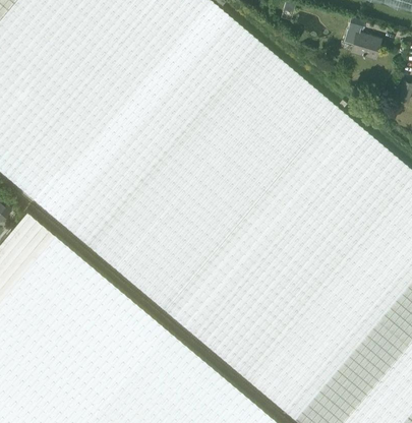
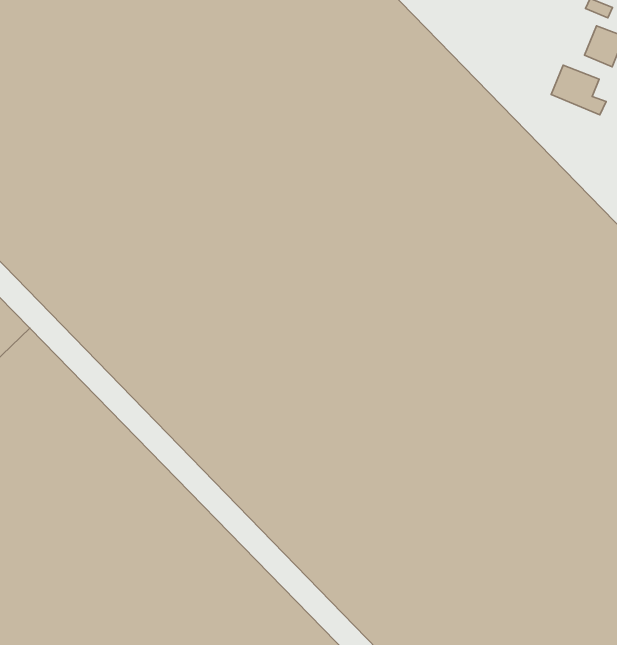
building: none -> [551,65,606,115]

